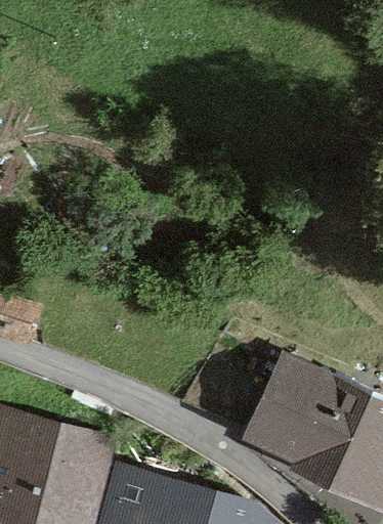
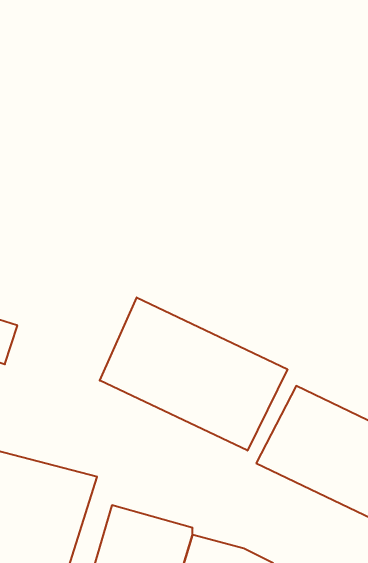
building: none -> [100,297,287,451]

